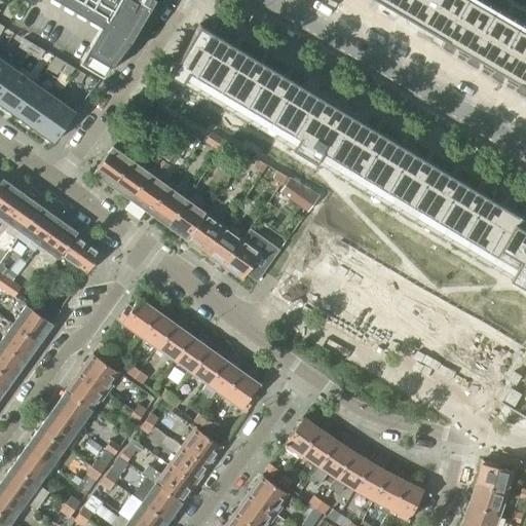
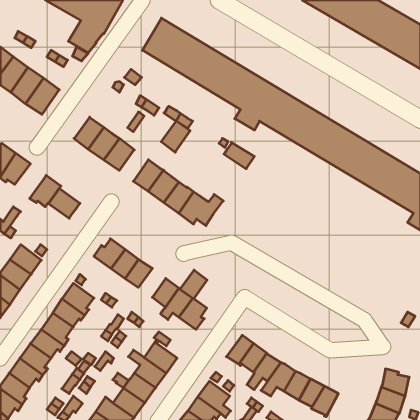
building: [150,188,186,227] -> [161,121,190,152]
building: [20,205,59,249] -> none
building: [174,336,208,372] -> [180,270,207,299]

